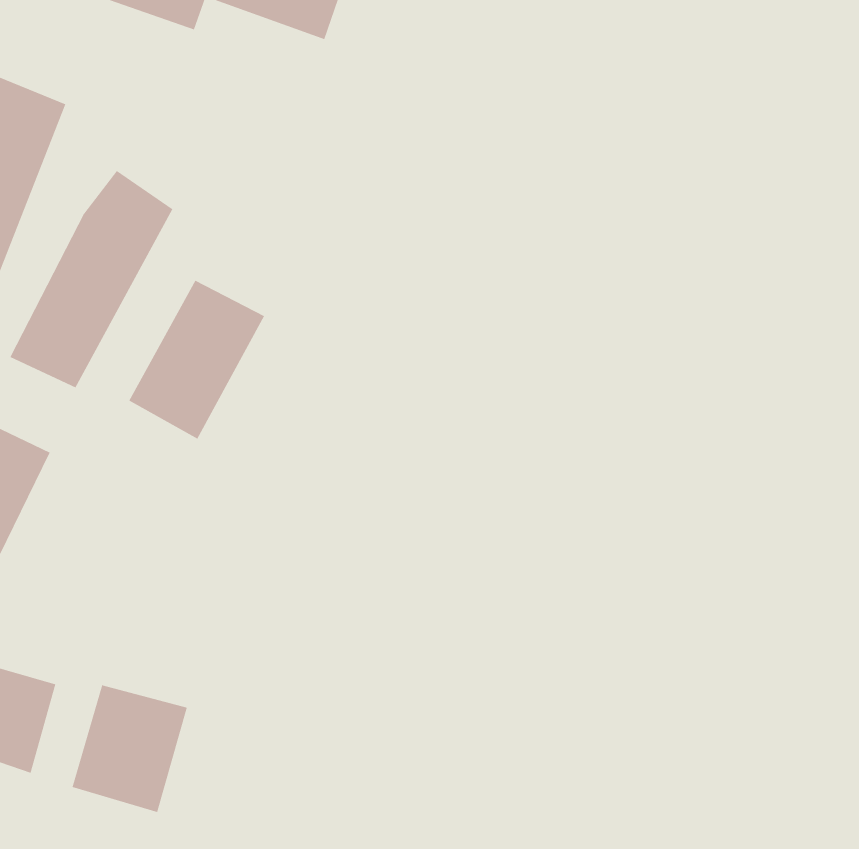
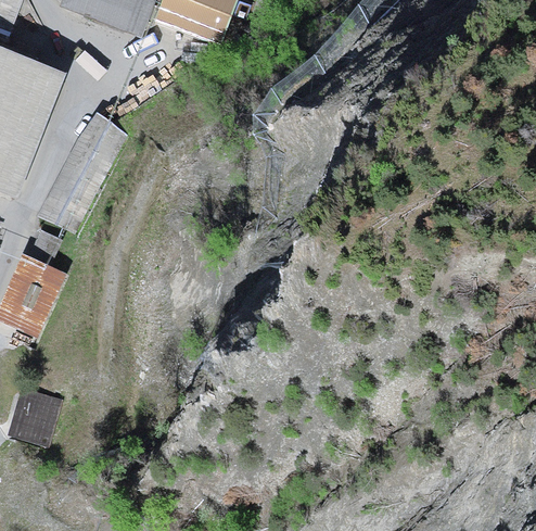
building: [129,280,265,440] -> none
building: [72,684,187,813] -> none

